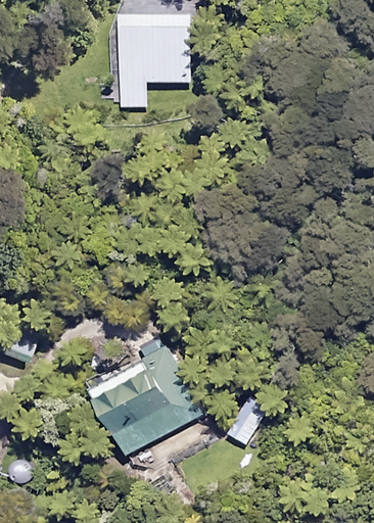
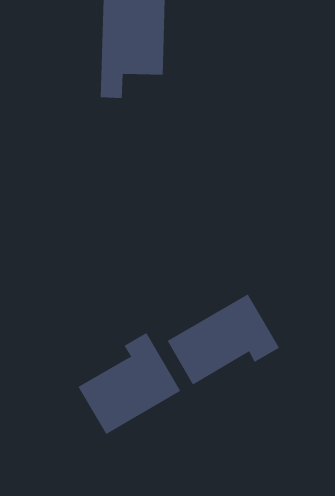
building: none -> [167,293,280,386]

